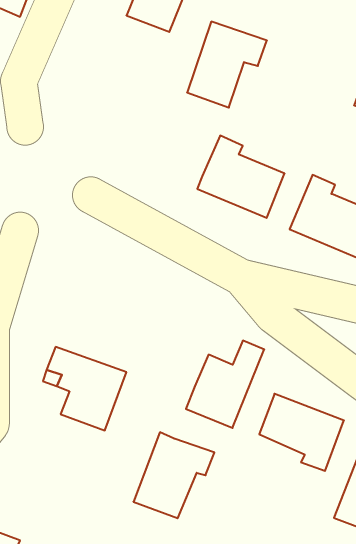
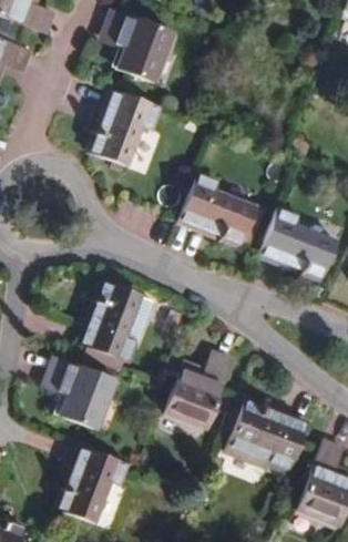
building: [187,22,267,108] -> [88,90,157,165]
building: none -> [88,283,149,364]
building: [133,432,214,518] -> [54,447,125,522]

